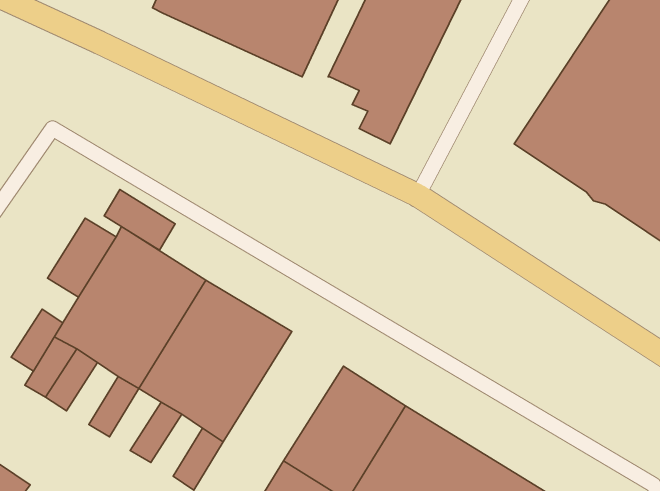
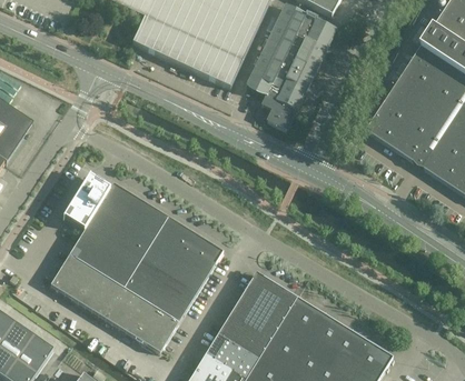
building: [104,190,175,250] -> none
building: [11,309,63,371] -> [78,270,111,310]
building: none -> [106,287,139,327]
building: none -> [132,303,166,343]

